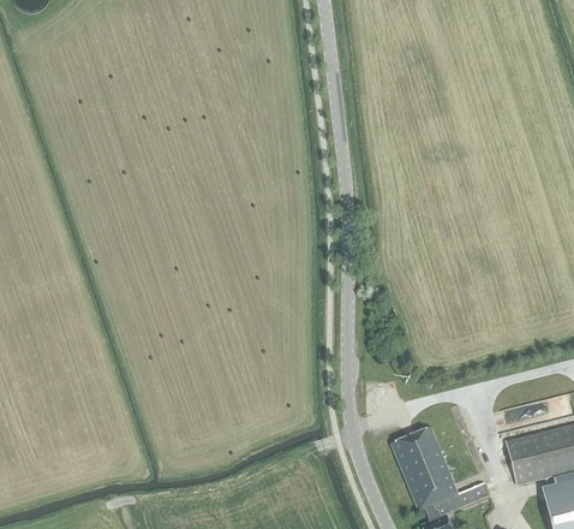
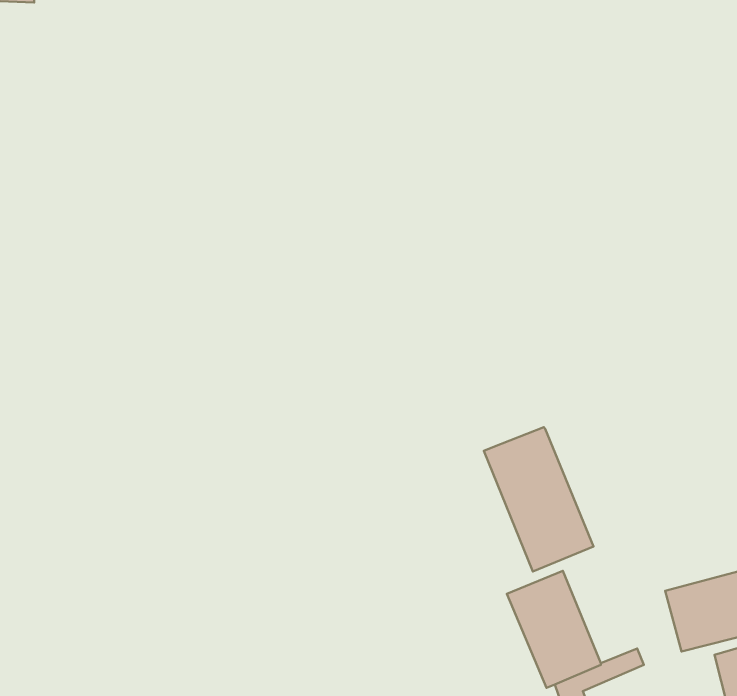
building: none -> [484,427,594,572]

